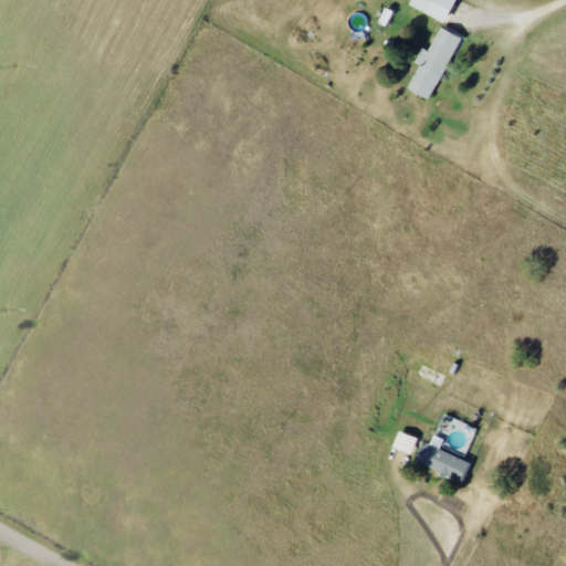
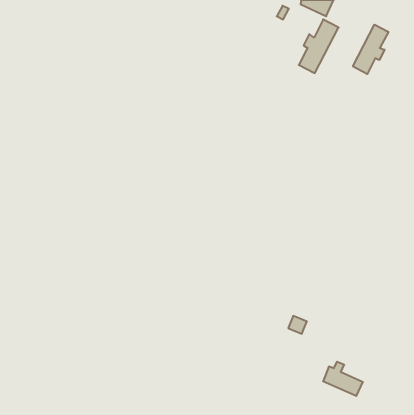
building: none -> [353,25,388,74]
building: [415,434,469,481] -> [323,362,363,396]

